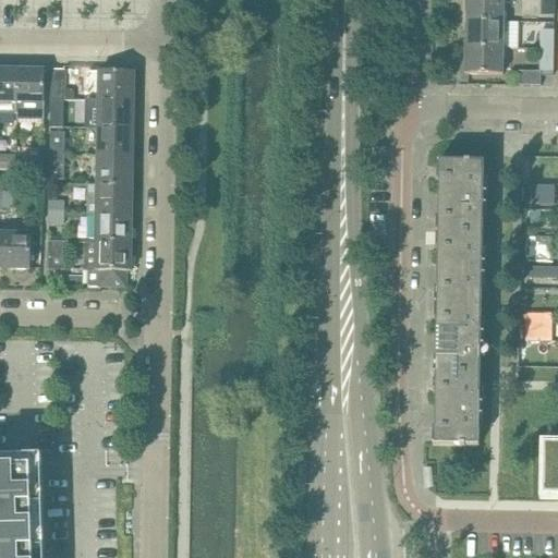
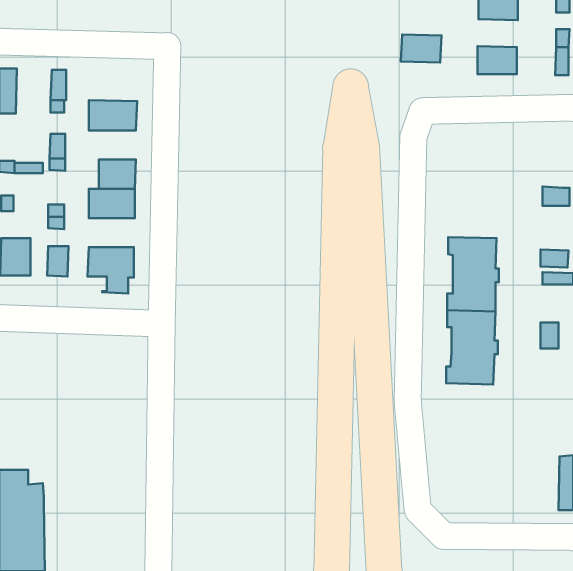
building: [463,19,502,46] -> [401,34,441,63]
building: [15,66,43,118] -> none
building: [86,69,133,98] -> none
building: [96,126,132,155] -> none
building: [435,159,486,231] -> none
building: [95,211,131,240] -> none
building: [430,372,482,444] -> none

